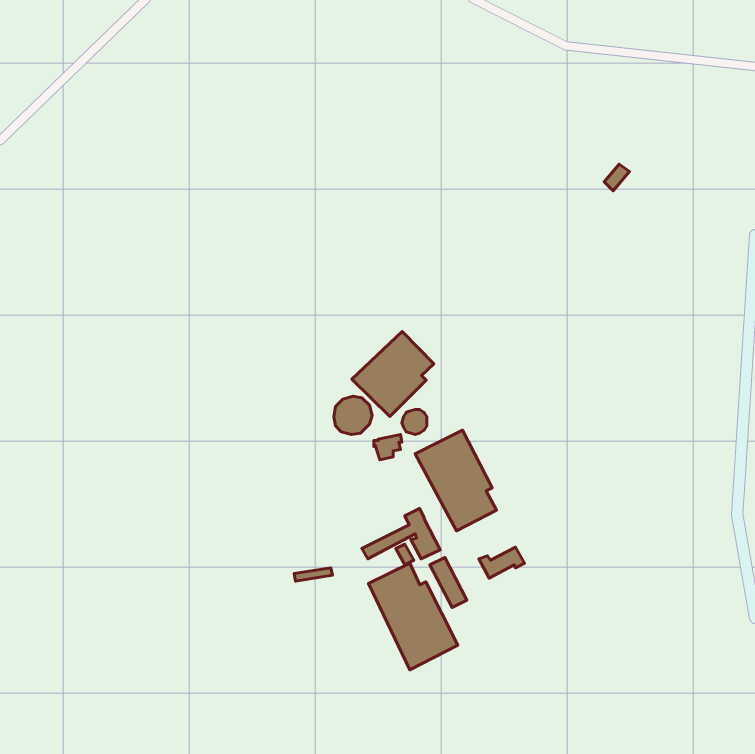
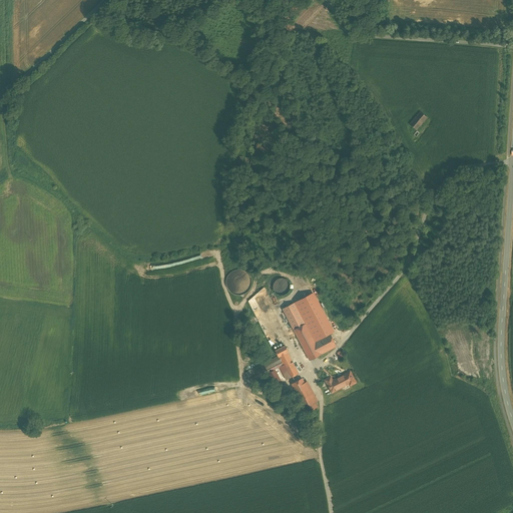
building: [352,332,434,417] -> none
building: [369,563,458,670] -> none

